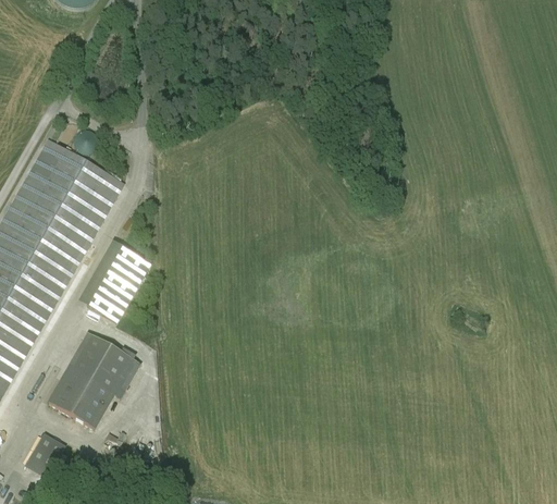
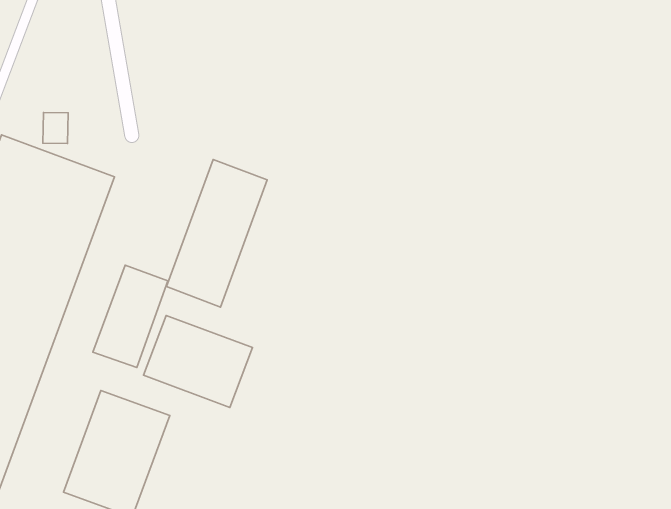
building: none -> [167,159,267,307]
building: none -> [143,316,253,407]

